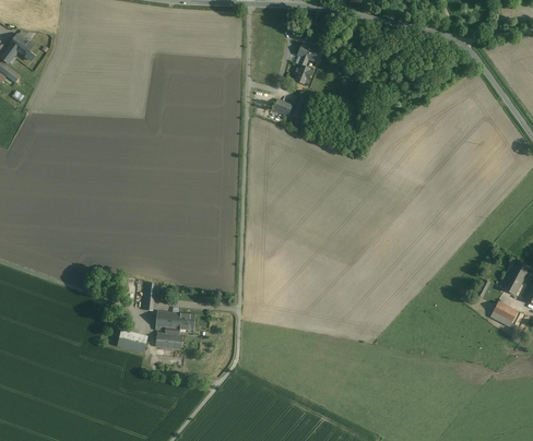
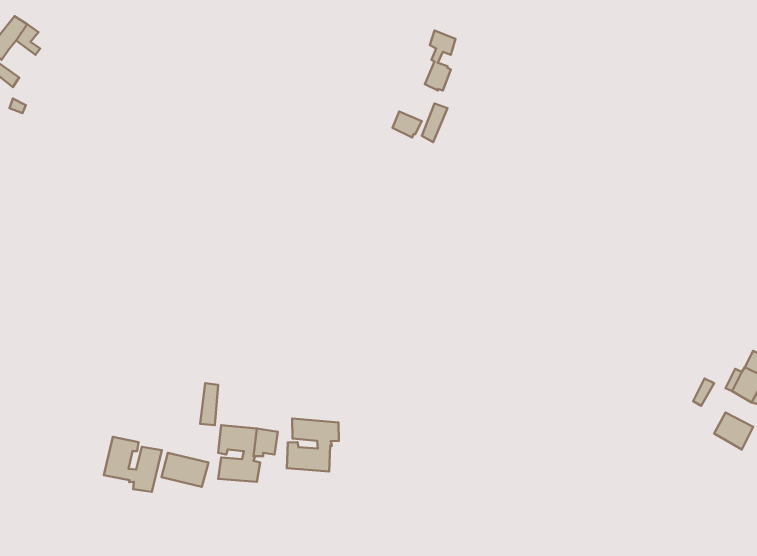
building: none -> [287,419,339,472]
building: none -> [104,437,162,492]

